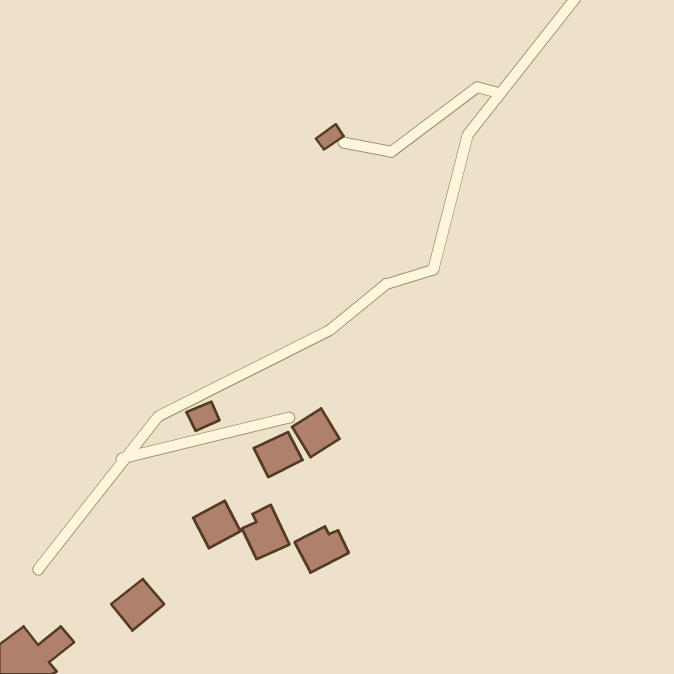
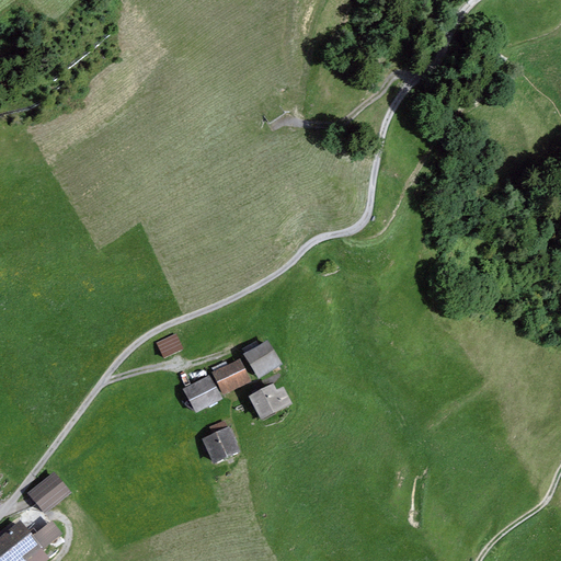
building: [193,501,241,548] -> [182,374,221,413]
building: [295,526,349,573] -> [247,382,291,421]
building: [111,579,164,631] -> [26,471,70,514]

